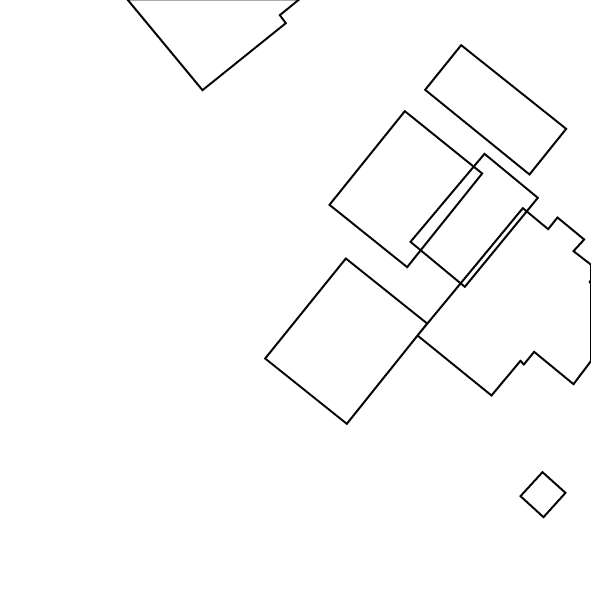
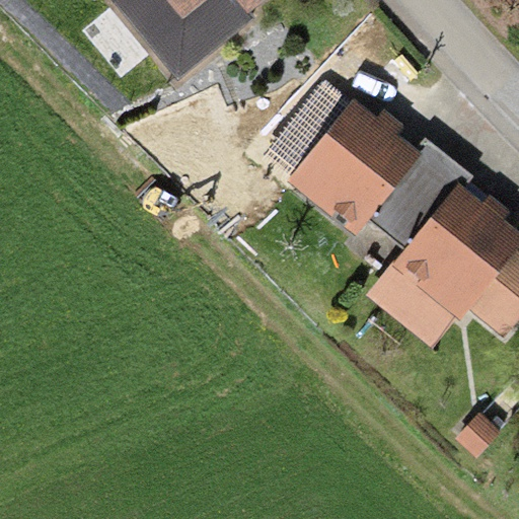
building: [425,45,566,175] -> none
building: [265,258,427,424] -> none

